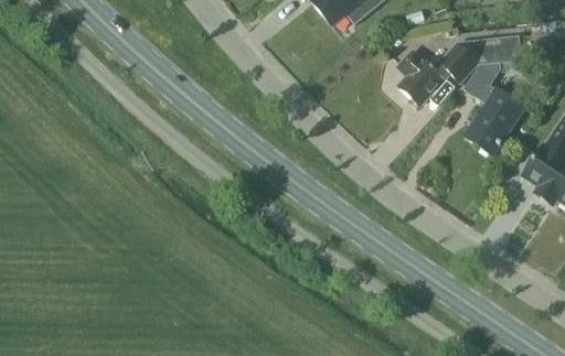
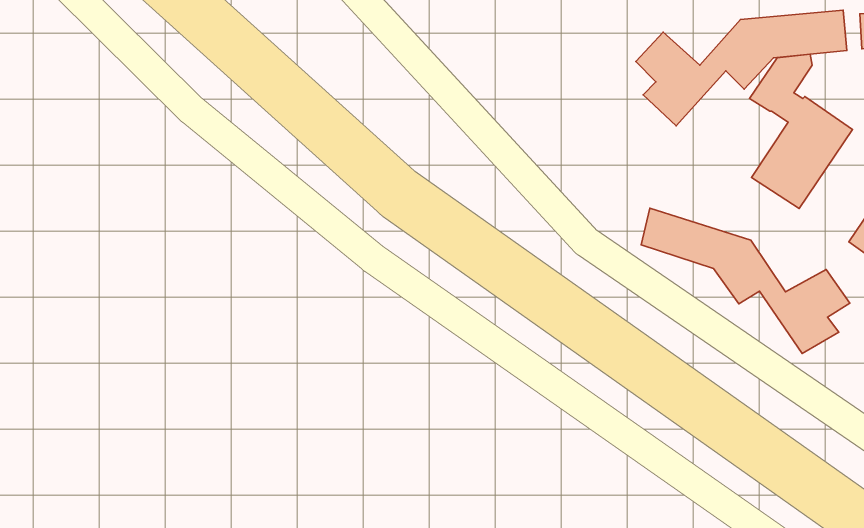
building: none -> [641,208,850,353]

